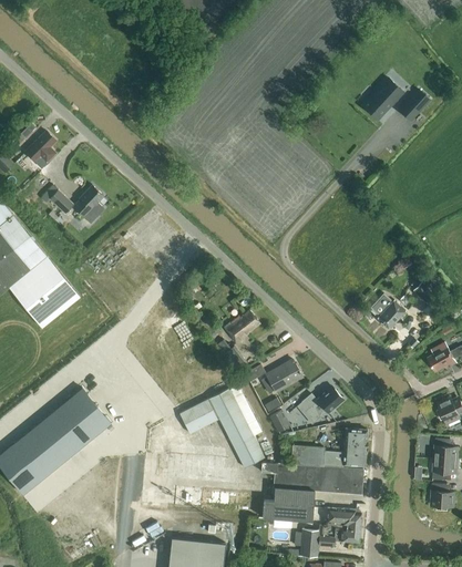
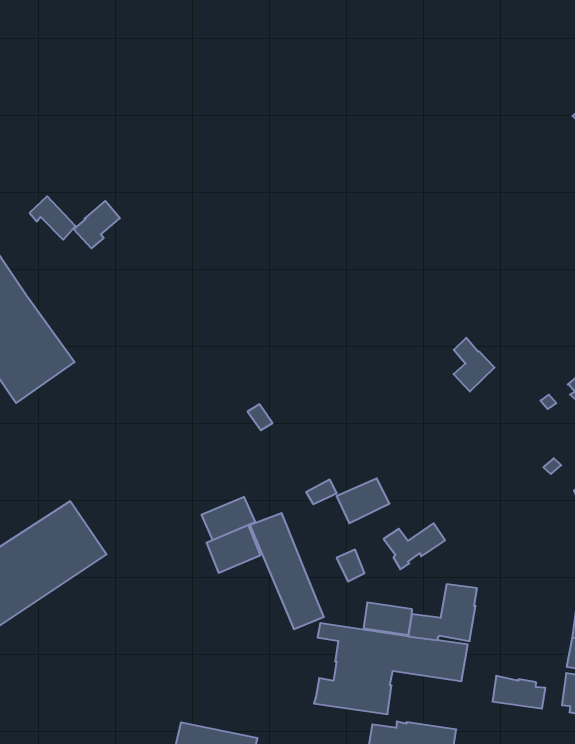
building: [366,78,401,114] -> none
building: [23,130,57,164] -> none
building: [374,292,403,329] -> [453,338,495,392]
building: [223,310,258,342] -> none
building: none -> [202,497,255,540]
building: [325,507,360,527] -> [492,676,545,709]

